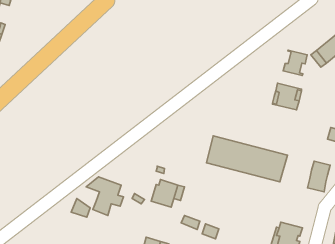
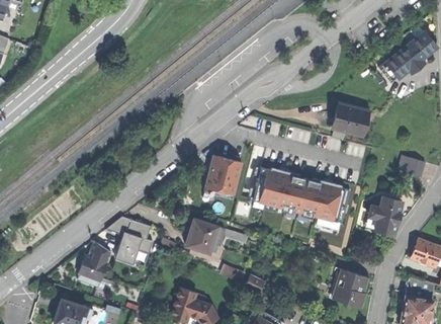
building: [283,50,307,75] -> none
building: none -> [201,153,241,197]
building: none -> [80,257,107,281]

